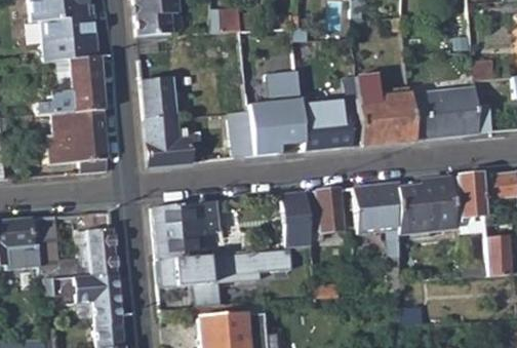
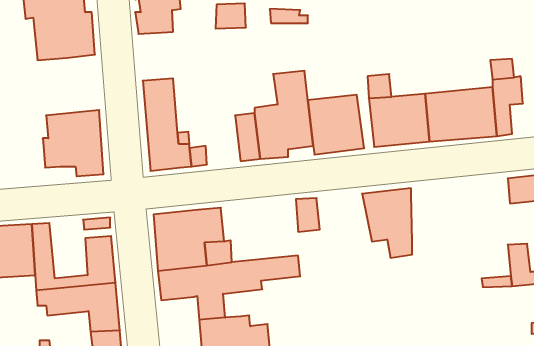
building: [39,56,104,114] -> none
building: [455,173,487,221] -> none
building: [398,178,454,233] -> none
building: [309,189,348,232] -> none

